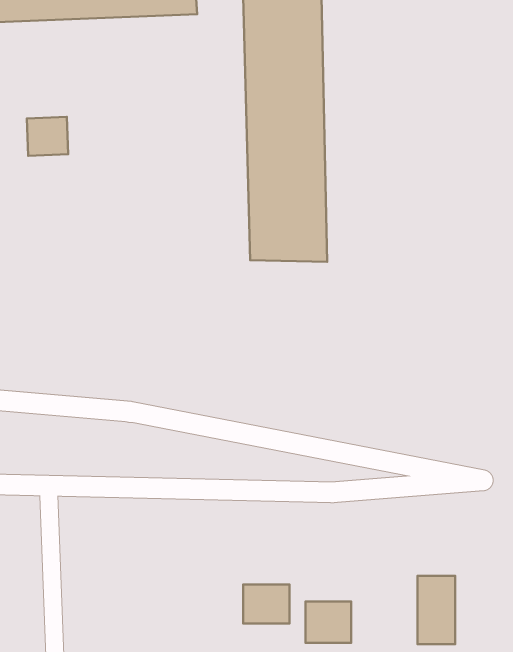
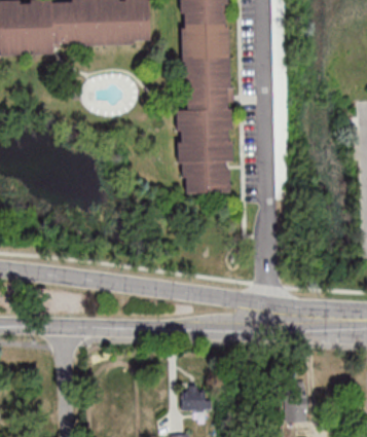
building: [27,117,68,156] -> none
building: [305,601,351,643] -> none

